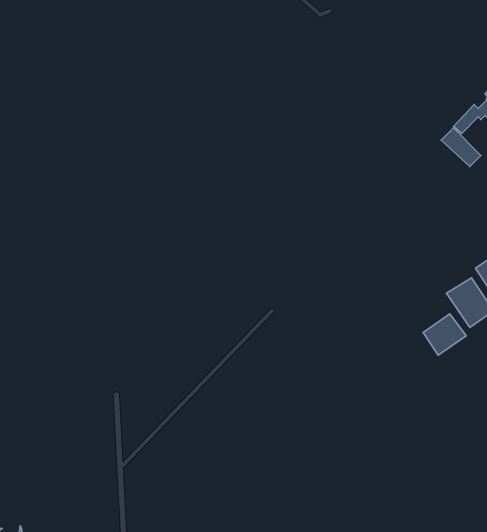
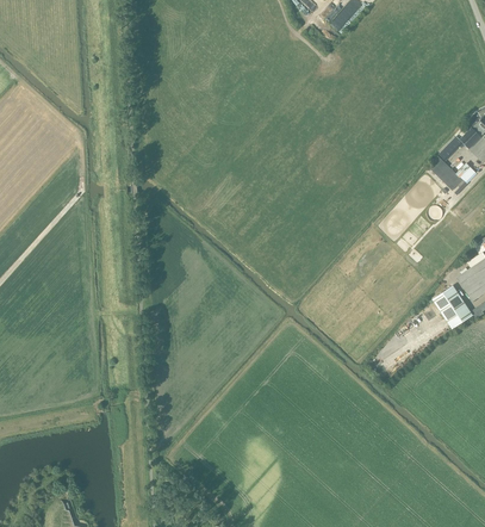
building: [423,314,466,355] -> none

